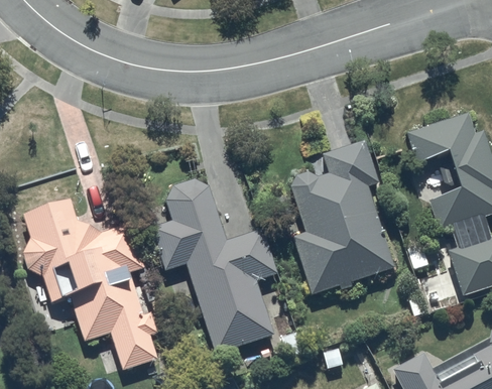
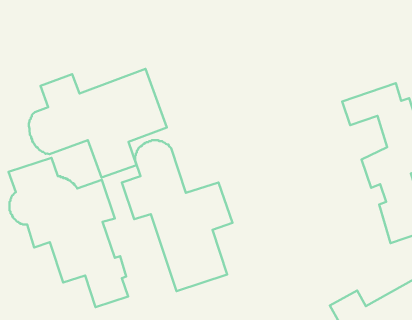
building: none -> [29,69,167,177]
building: [289,139,394,294] -> none

